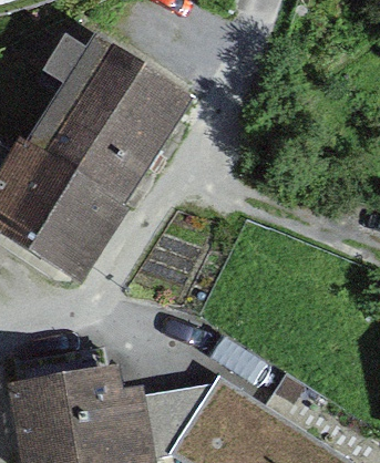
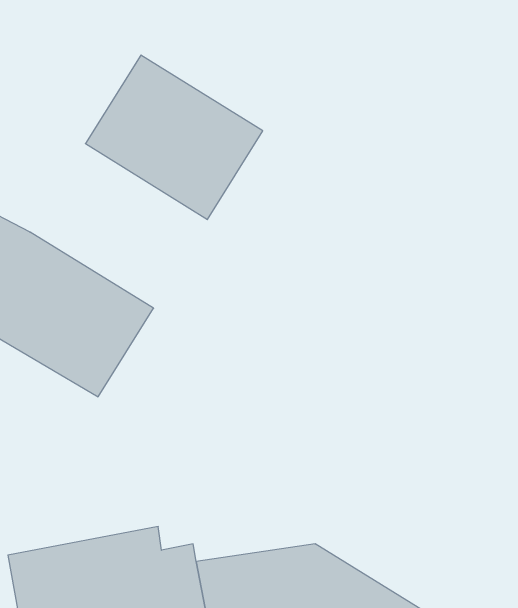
building: [25,107,150,223] -> none

